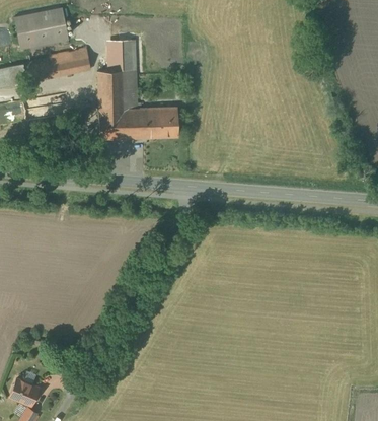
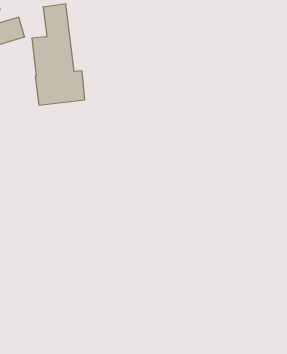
building: [146,108,178,138] -> none

